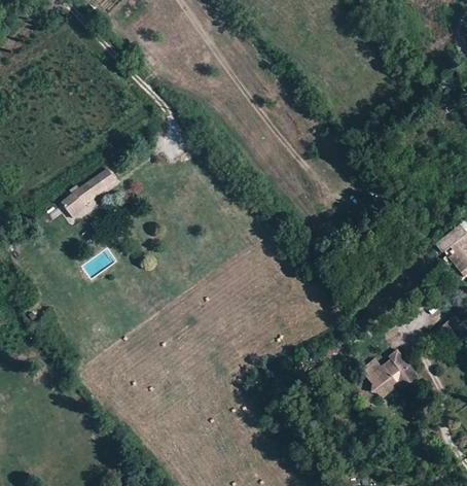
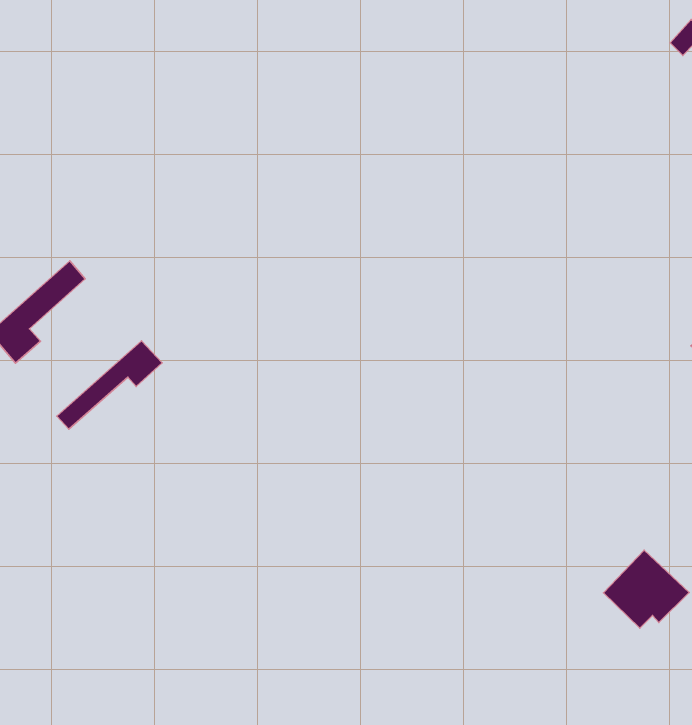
building: none -> [57,341,162,429]

